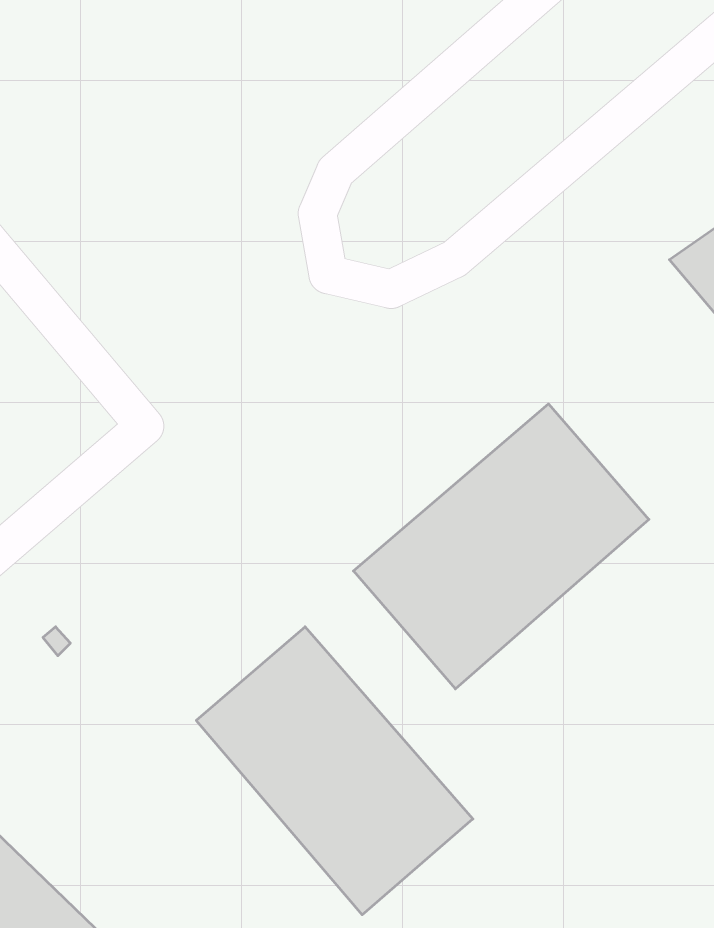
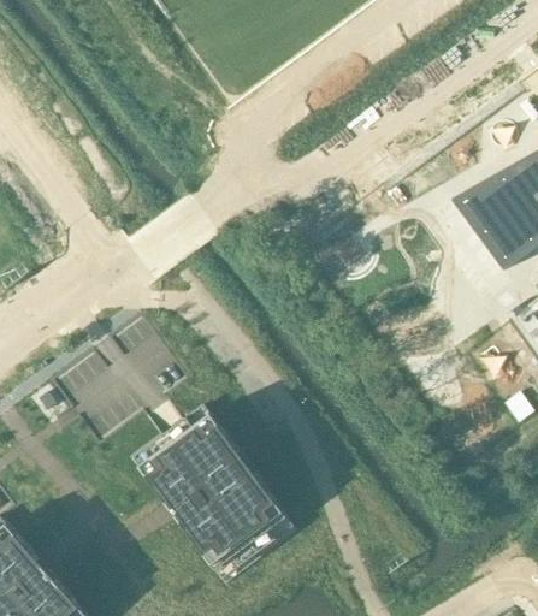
building: [353,404,649,689] -> none

